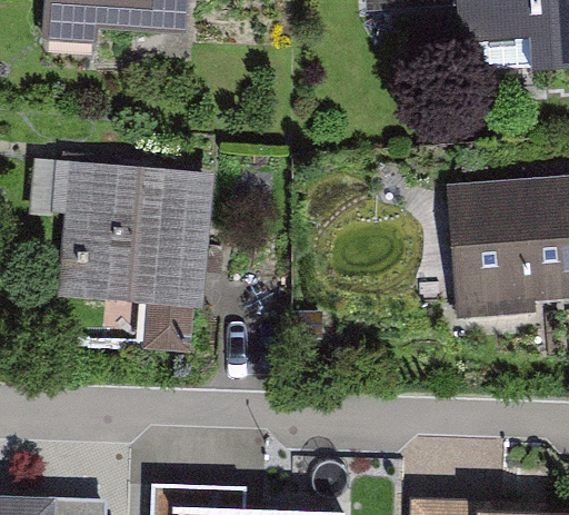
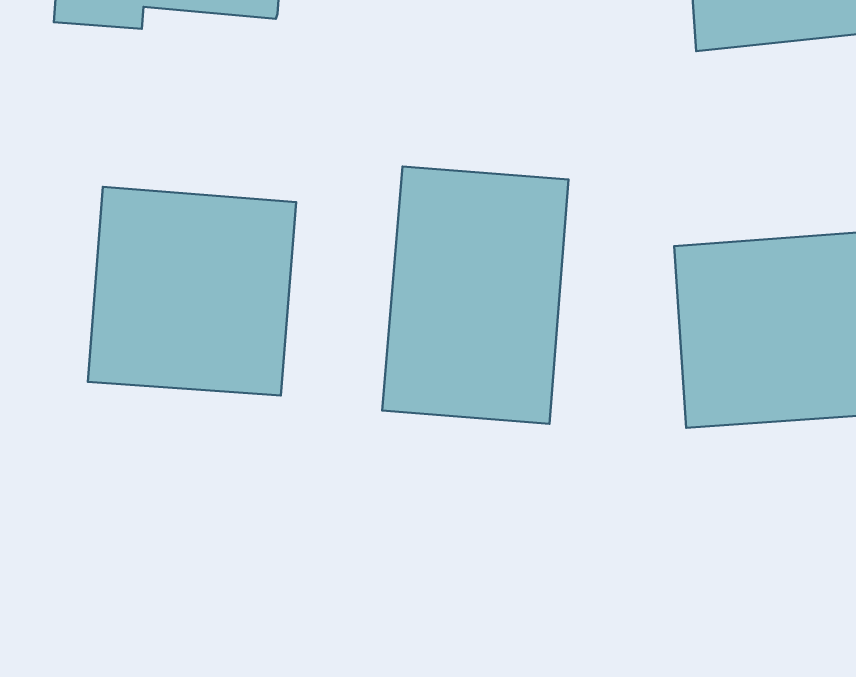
building: none -> [382,167,569,424]

